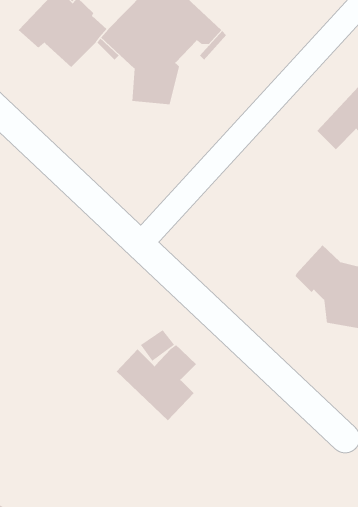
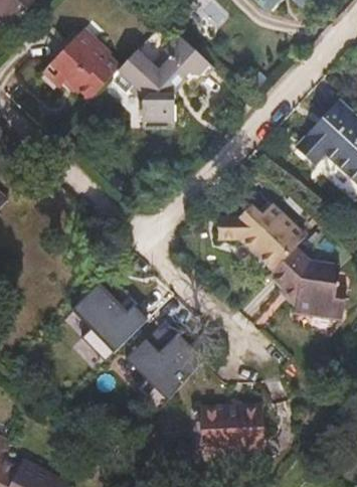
building: none -> [217,207,307,272]
building: none -> [73,280,149,357]
building: none -> [200,407,262,451]

